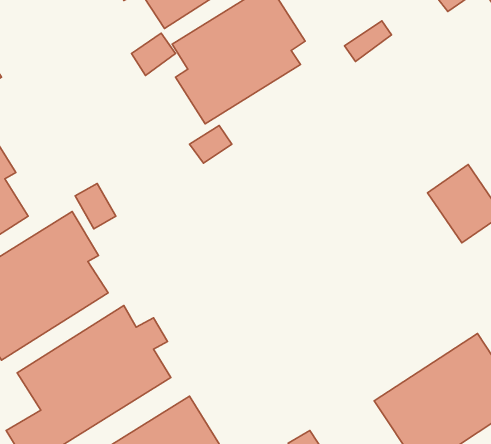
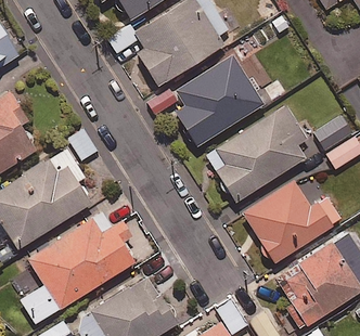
building: none -> [175,54,265,146]
building: none -> [206,104,308,203]
building: none -> [243,181,342,263]

